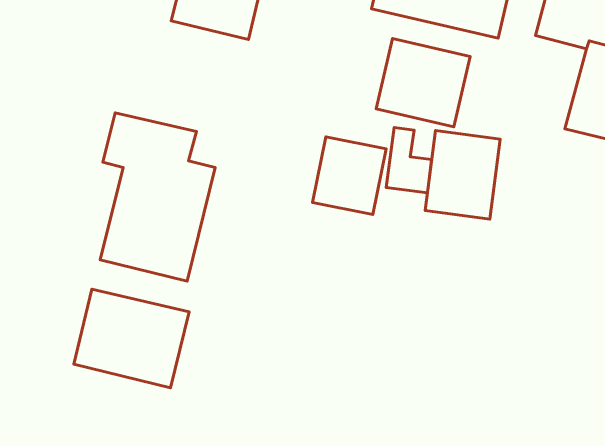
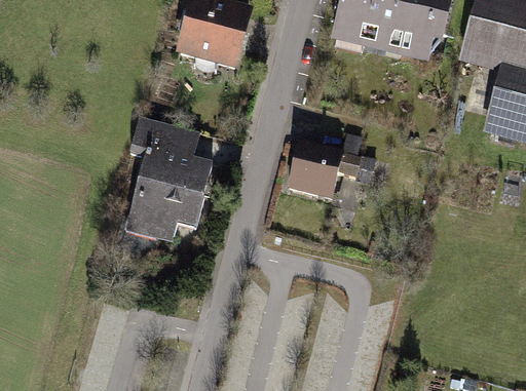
building: [376,39,470,127] -> none
building: [425,131,500,219] -> none
building: [74,289,189,388] -> none

